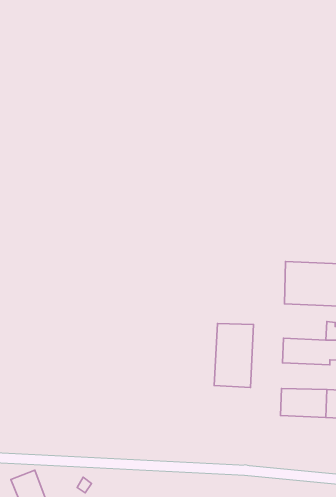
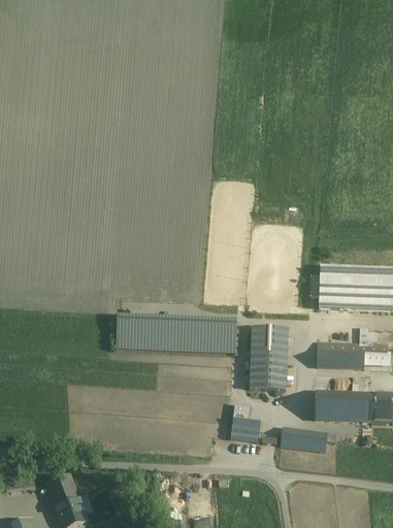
building: none -> [121,317,232,352]
building: none -> [230,418,261,442]
building: none -> [281,428,328,451]

